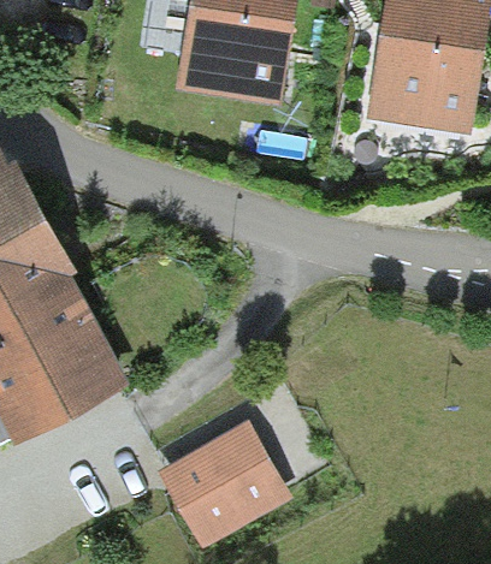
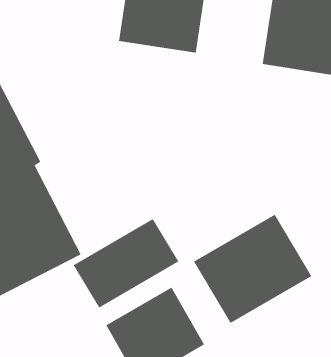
building: none -> [193,214,312,324]
building: none -> [73,218,179,309]

